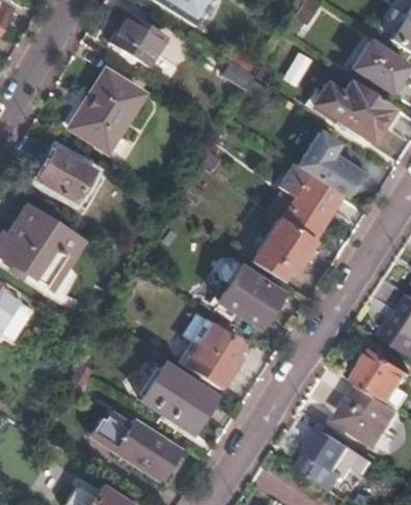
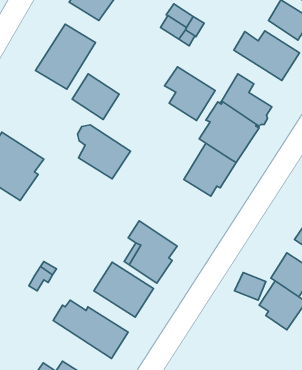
building: none -> [165,67,215,120]
building: [35,148,93,204] -> [72,74,119,120]
building: [216,261,281,328] -> [77,125,131,179]
building: [307,428,375,490] -> none

